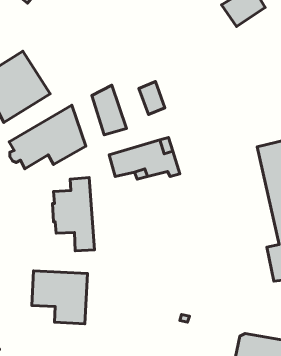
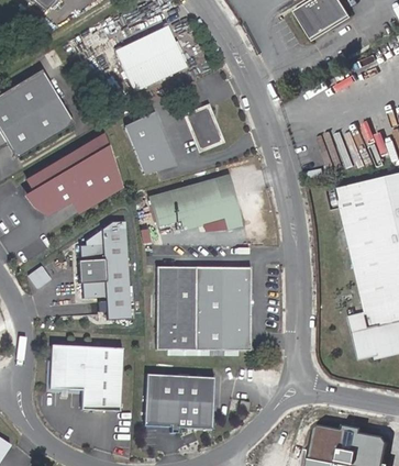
building: none -> [118,25,187,89]
building: none -> [159,265,255,348]
building: none -> [143,384,214,429]

